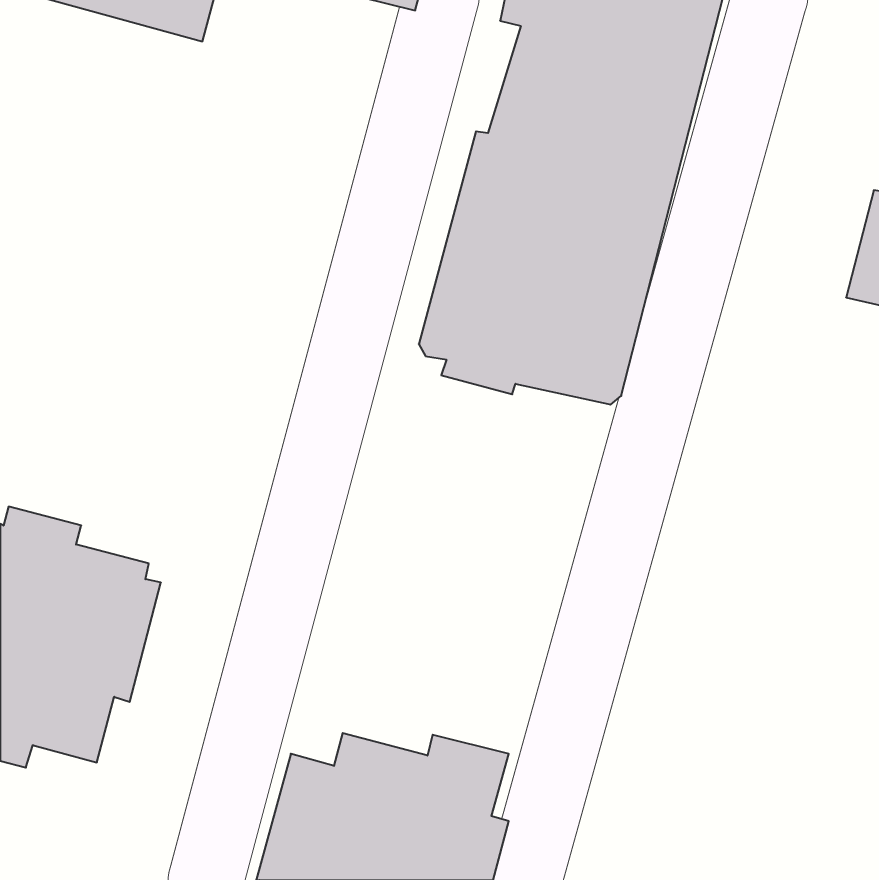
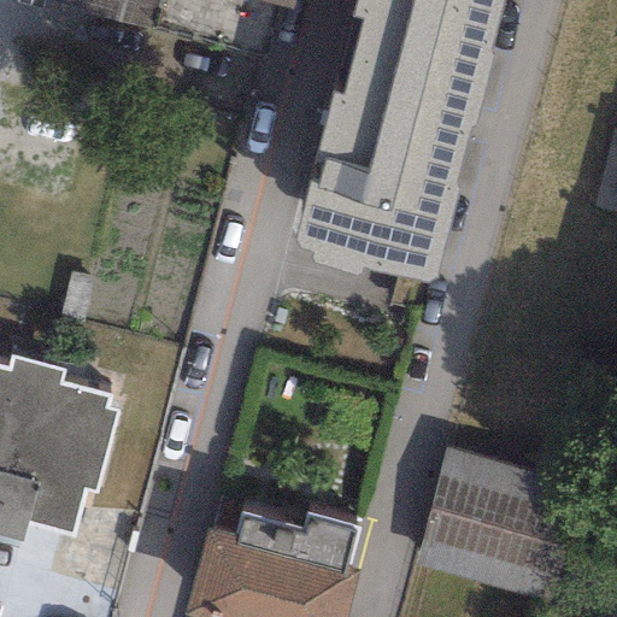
building: none -> [416,447,577,595]

